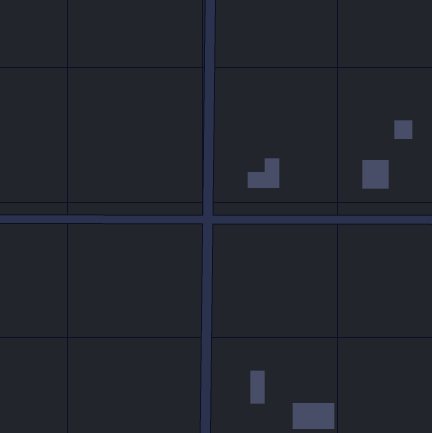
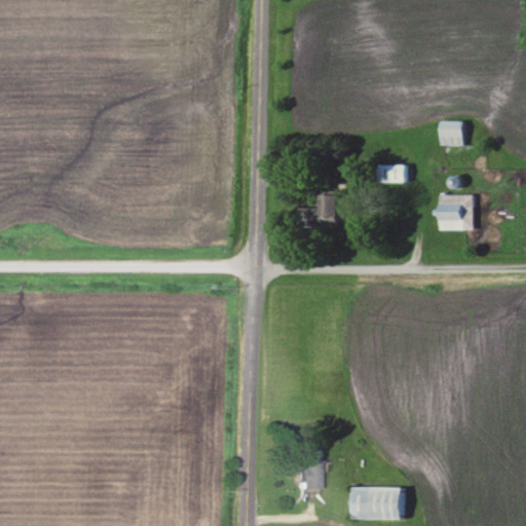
building: [393,120,413,139] -> [439,121,462,145]
building: none -> [378,164,407,183]

